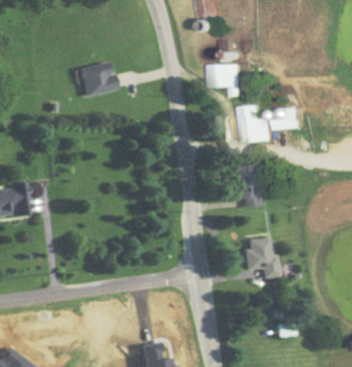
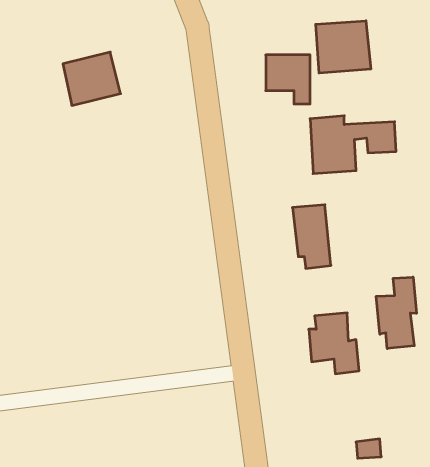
building: none -> [316,21,371,73]
building: none -> [376,277,416,349]

